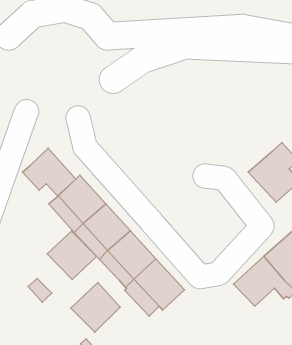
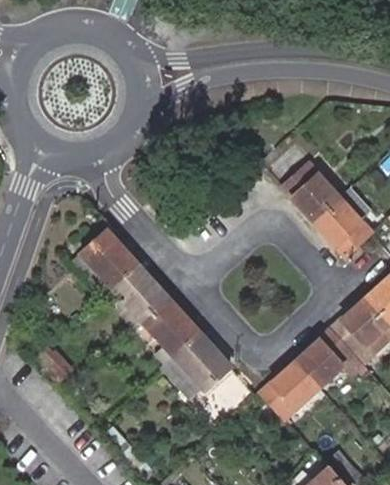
building: none -> [272,144,343,223]
building: [23,148,76,196] -> none
building: [47,231,96,279] -> none
building: [71,283,120,332] -> none
building: none -> [260,360,321,419]

